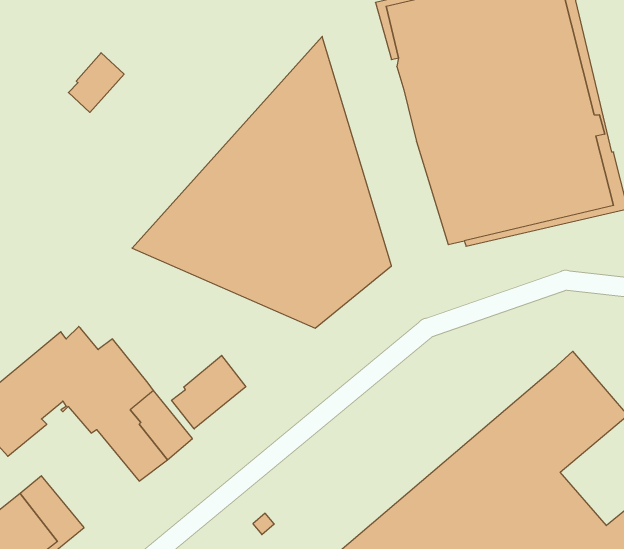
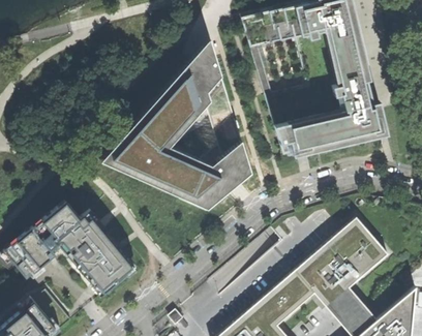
building: [68,53,124,112] -> none
building: [172,355,246,429] -> none

